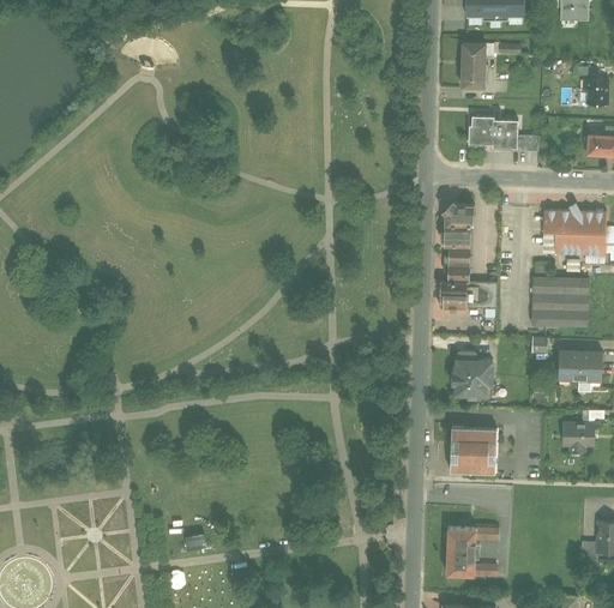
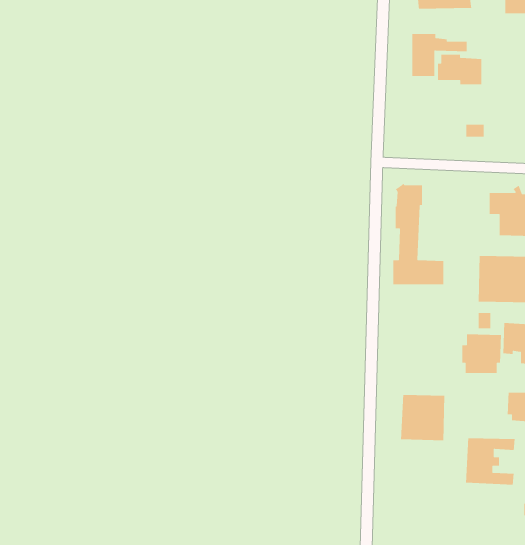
building: [468,115,516,149] -> [437,54,482,85]
building: [450,355,493,398] -> [462,333,502,374]
building: [445,526,499,578] -> [465,437,516,486]

